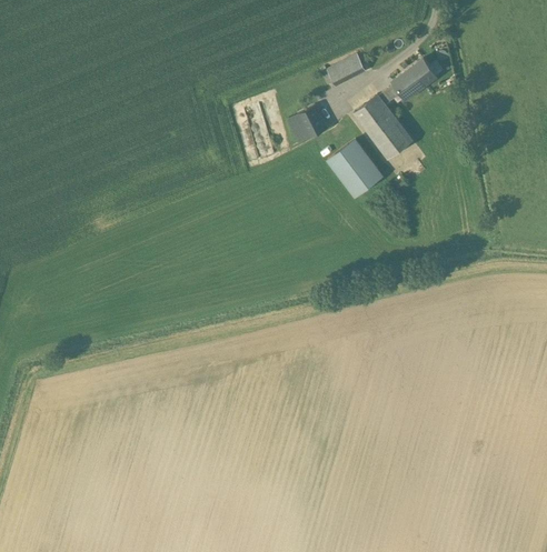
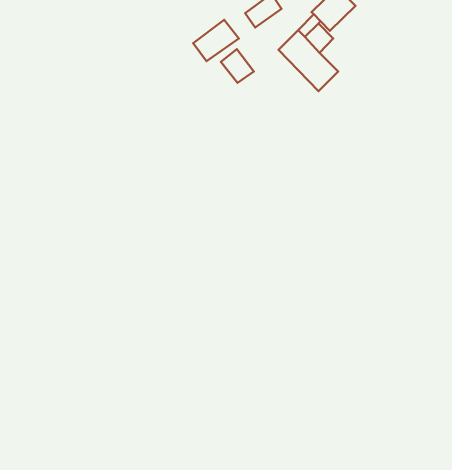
building: none -> [193,20,239,61]
building: [329,142,387,201] -> none

